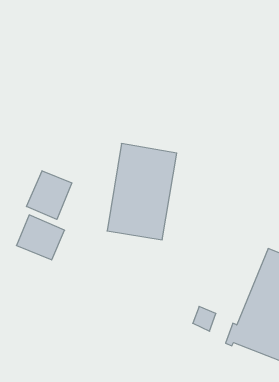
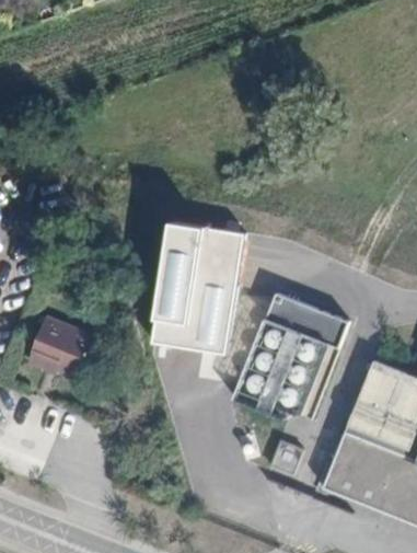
building: [27,171,72,219] -> none
building: none -> [232,289,351,426]

